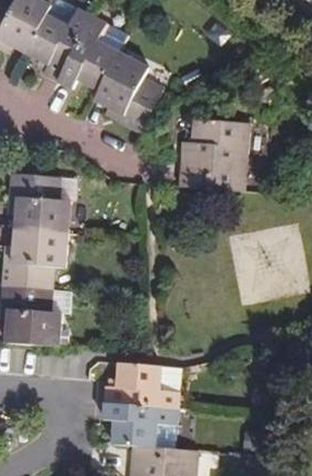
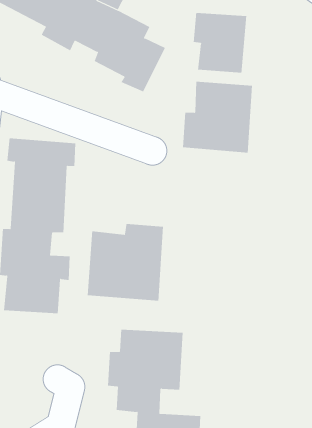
building: none -> [193,12,247,73]
building: none -> [87,223,164,302]

